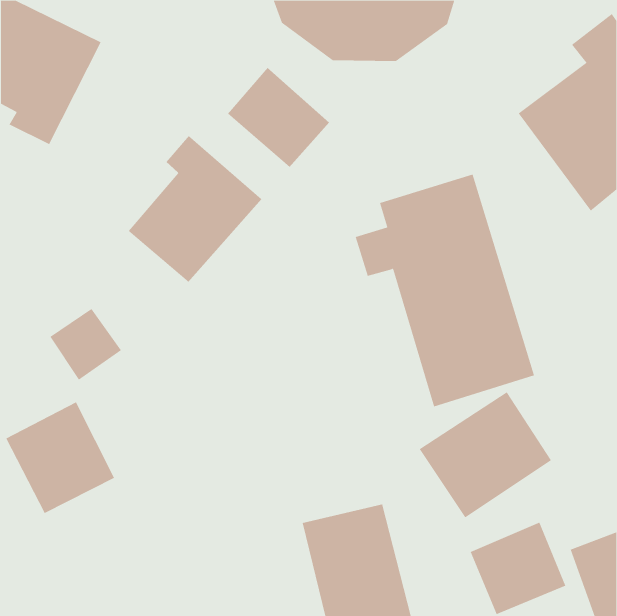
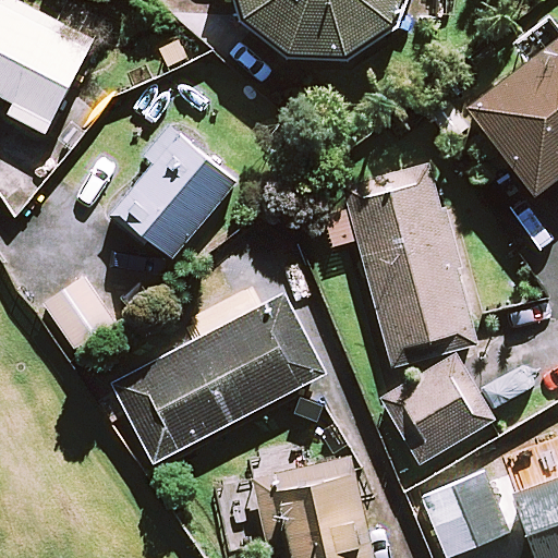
building: [227,67,330,168] -> none
building: none -> [113,298,322,462]
building: [5,401,115,514] -> none

